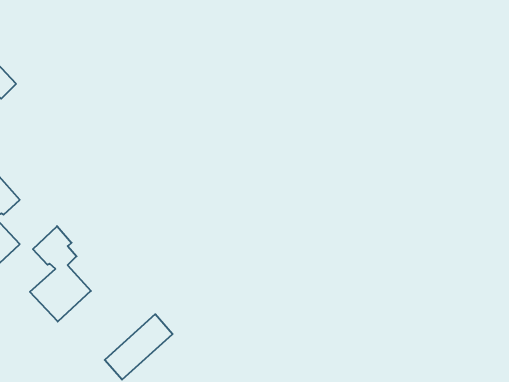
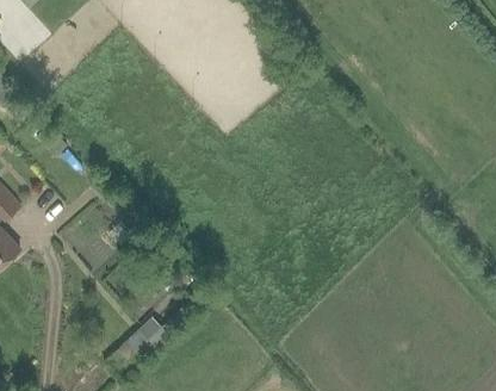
building: [30,226,91,322] -> none

